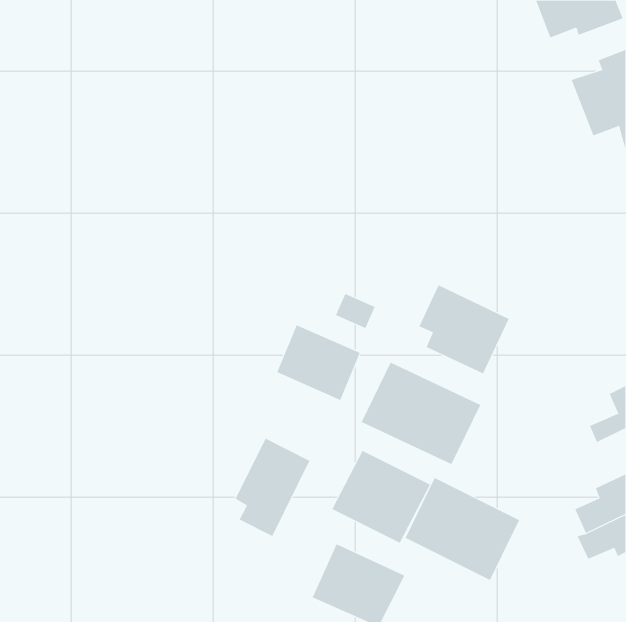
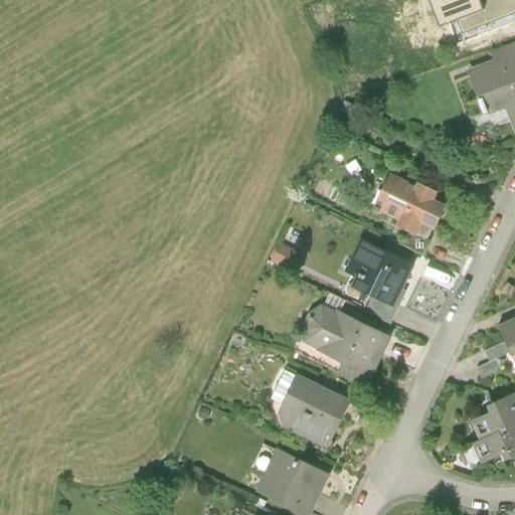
building: none -> [377,173,448,235]
building: [276,324,361,401] -> none
building: [235,438,310,537] -> none
building: [405,477,520,581] -> none

